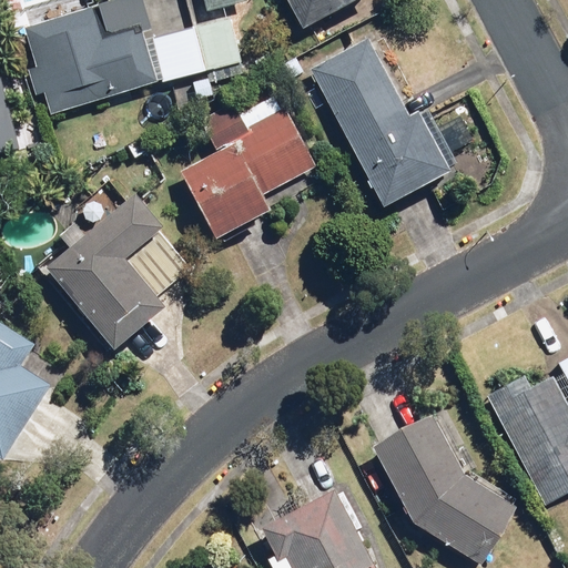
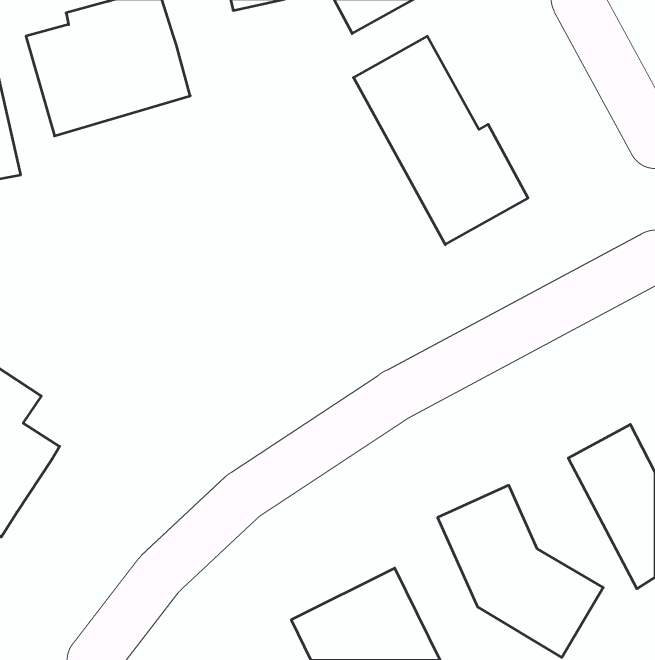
building: [151,17,239,97] -> none
building: [176,97,320,241] -> none
building: [44,190,189,351] -> none

